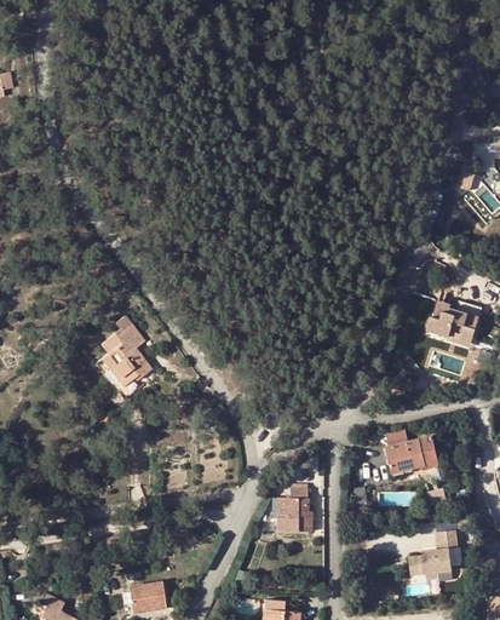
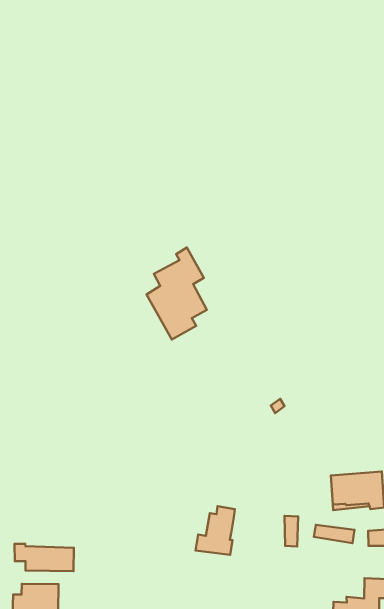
building: [97,316,153,400] -> [146,248,207,340]
building: none -> [15,544,74,571]

